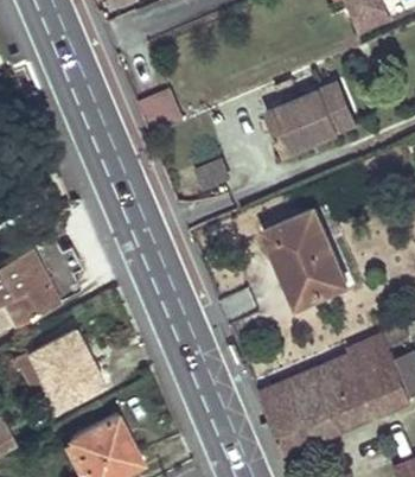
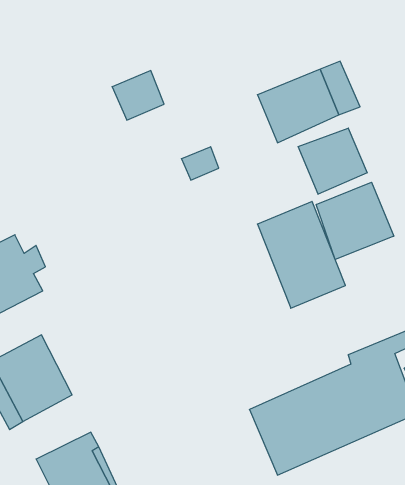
building: none -> [298,128,367,194]
building: none -> [316,182,394,260]

